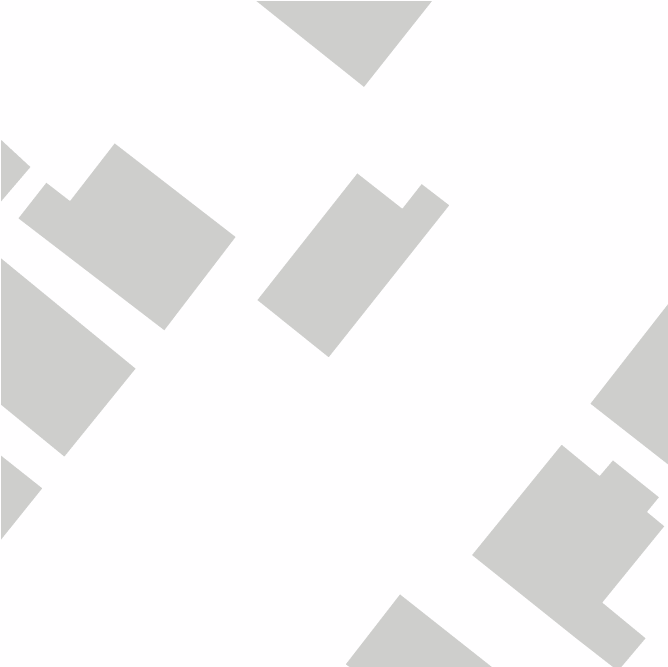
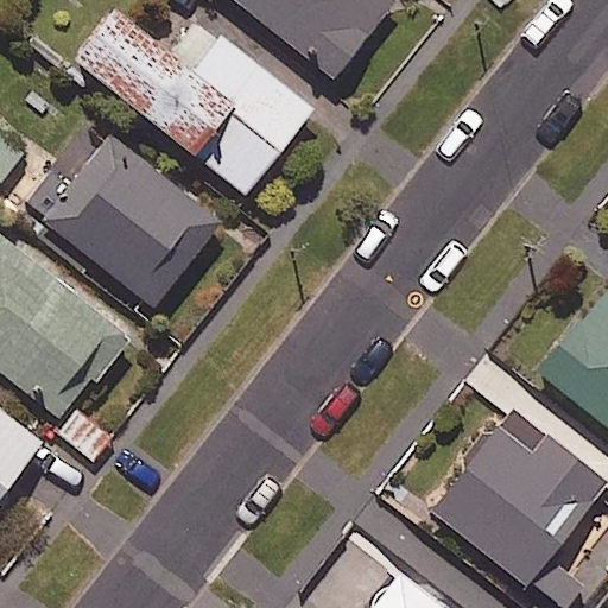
building: none -> [70,10,310,197]
building: [256,172,451,359] -> none

